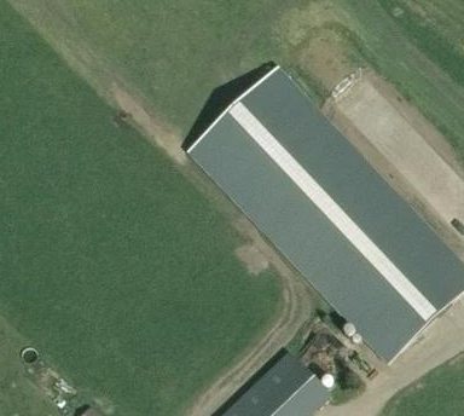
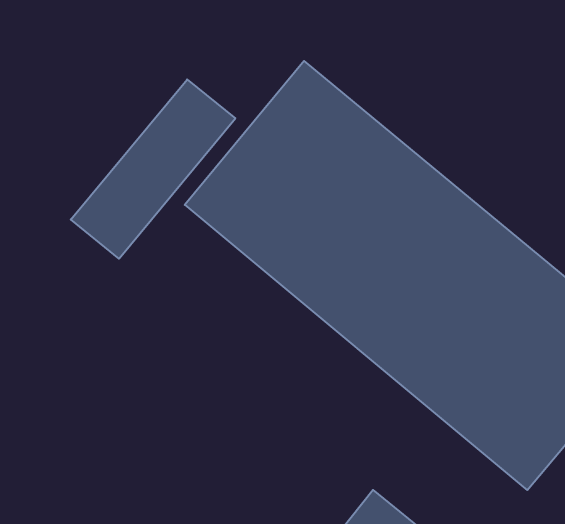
building: none -> [71,79,235,259]

